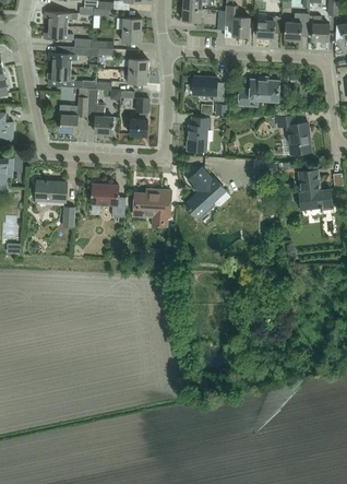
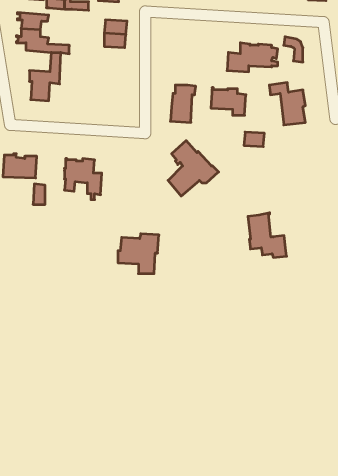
building: [192,76,224,102] -> [211,88,246,115]
building: [86,88,112,134] -> none
building: [129,98,148,137] -> none
building: [297,169,332,210] -> [248,213,287,257]
building: [133,190,170,226] -> [118,234,159,274]

